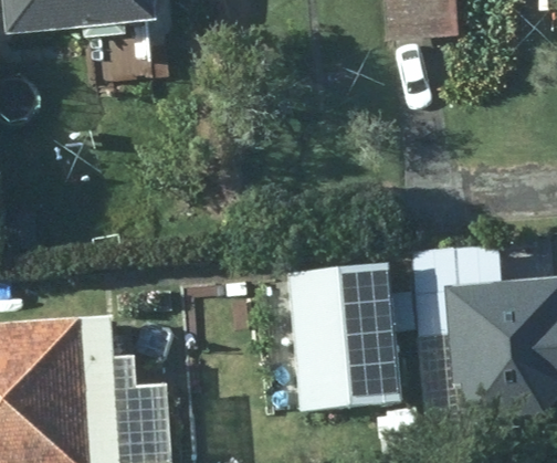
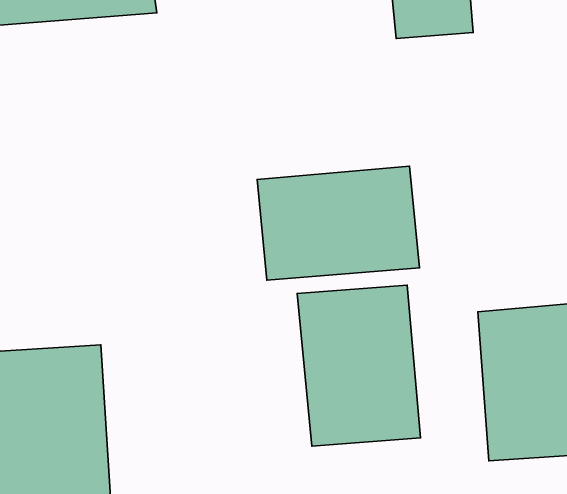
building: none -> [257,166,420,280]

